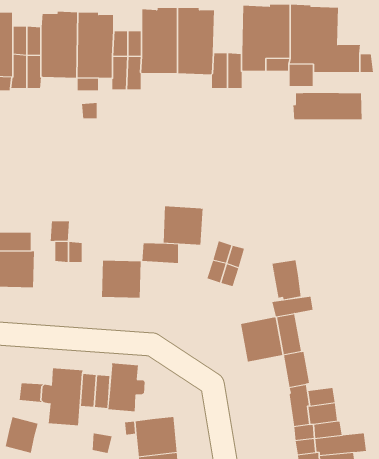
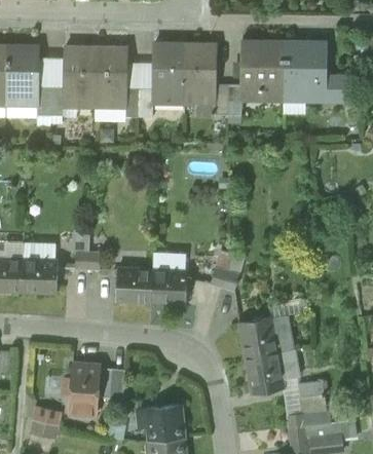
building: [293,92,362,120] -> none
building: [163,206,204,245] -> [151,268,187,303]
building: [272,260,301,300] -> none
building: none -> [246,351,284,391]
building: [108,362,145,412] -> none

